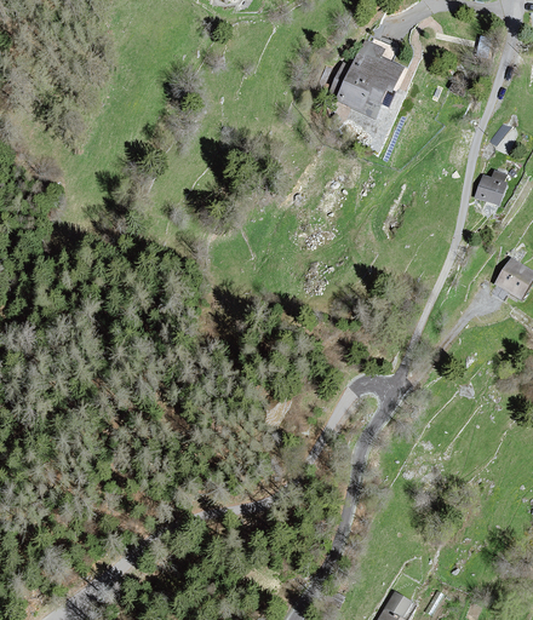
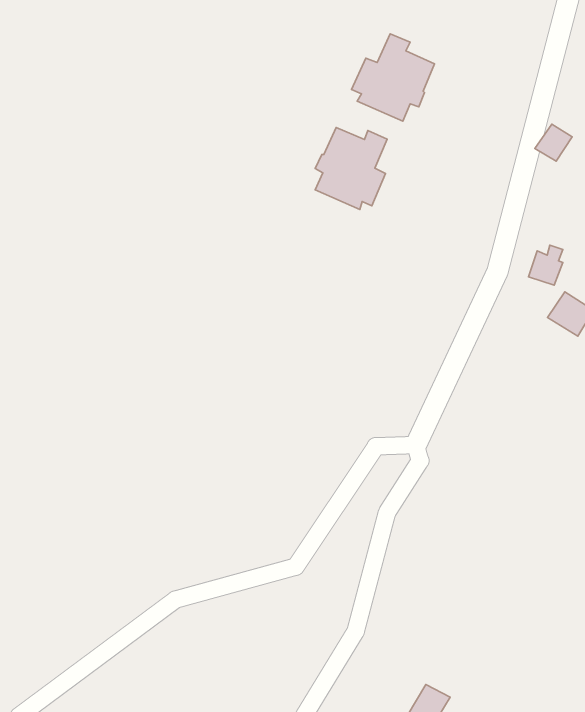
building: none -> [315,127,387,209]
building: [476,171,505,205] -> [528,245,563,285]

